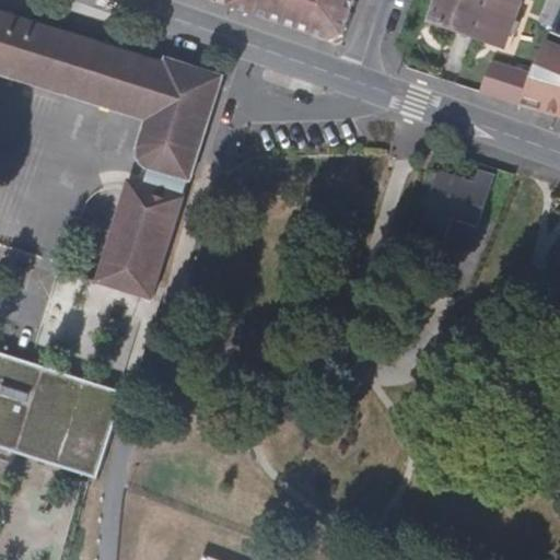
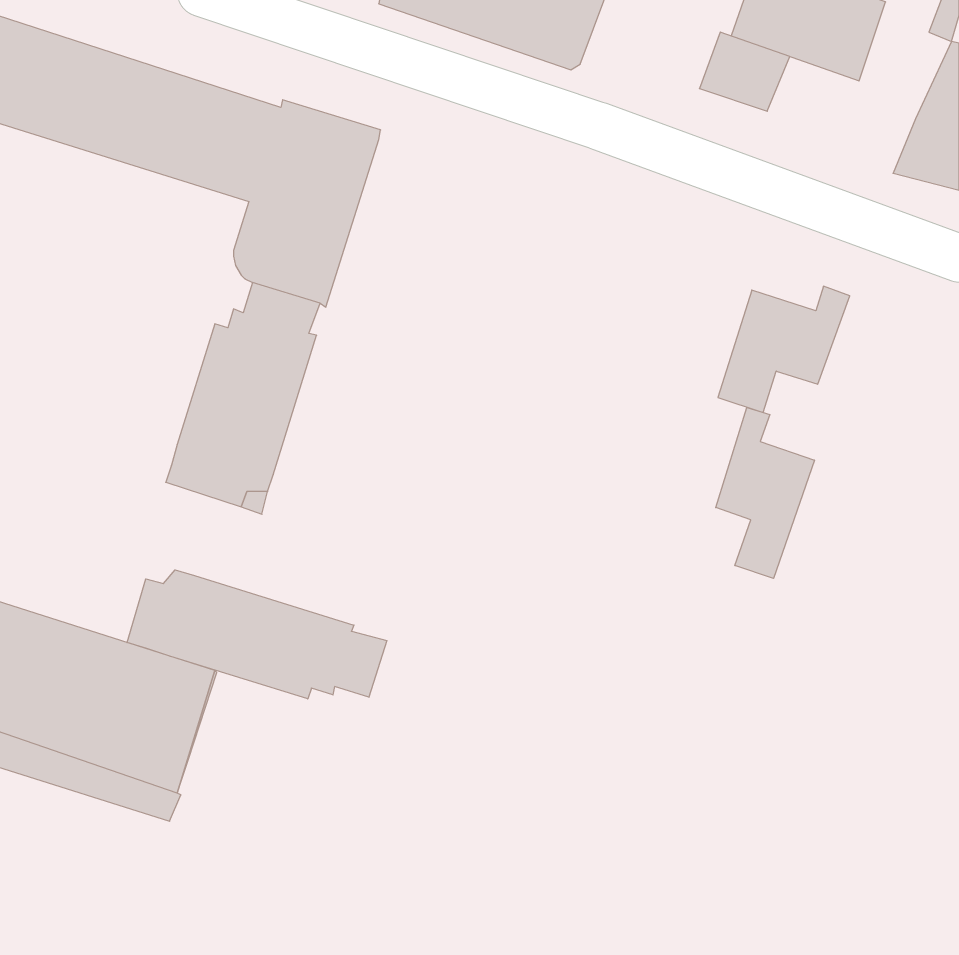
building: [479,55,532,101] -> [699,32,790,111]
building: none -> [716,408,814,578]
building: none -> [127,570,387,699]

